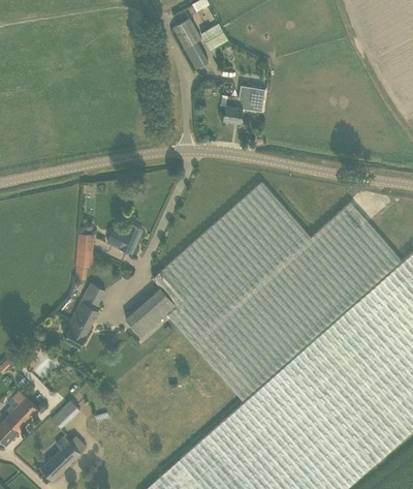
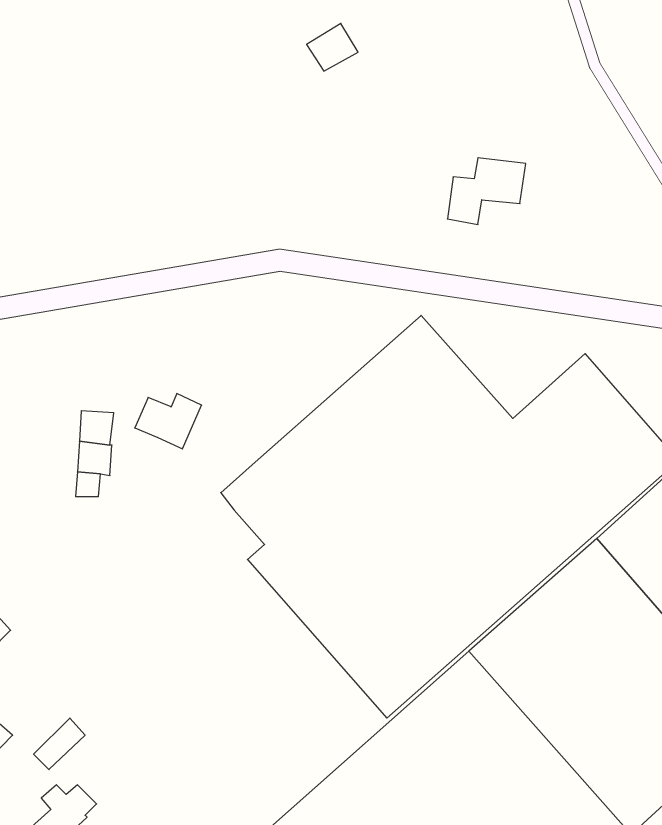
building: [171,19,201,59] -> none
building: [224,86,266,122] -> [447,158,526,225]
building: [65,283,105,347] -> none
building: [126,287,177,337] -> none

